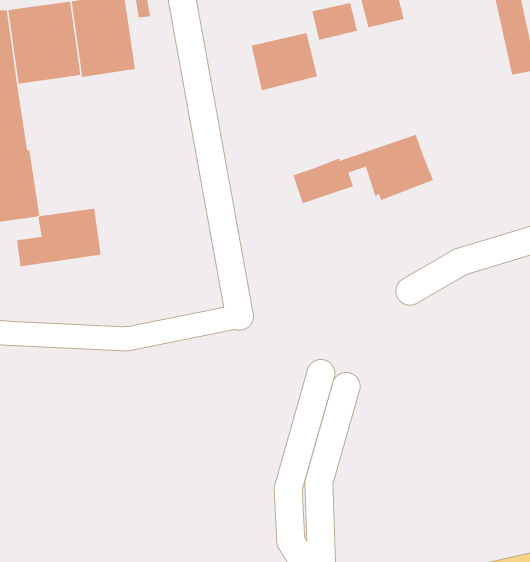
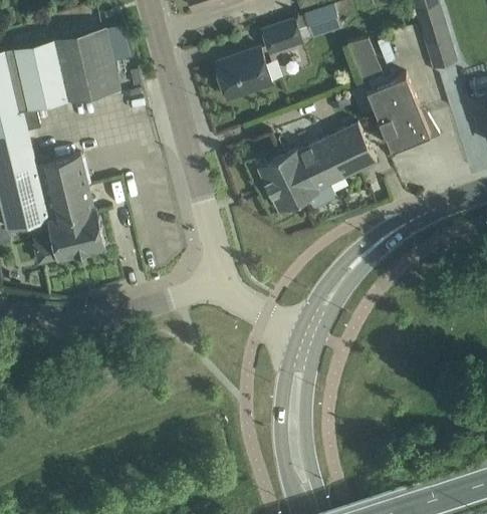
building: none -> [346,40,440,152]
building: none -> [38,157,94,221]
building: none -> [269,157,334,212]

